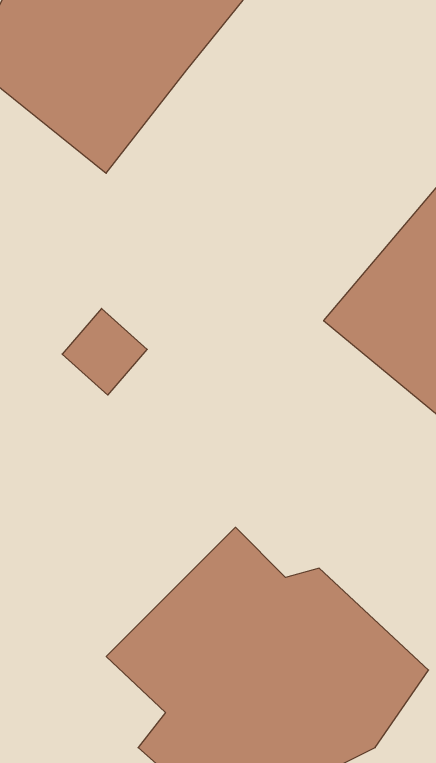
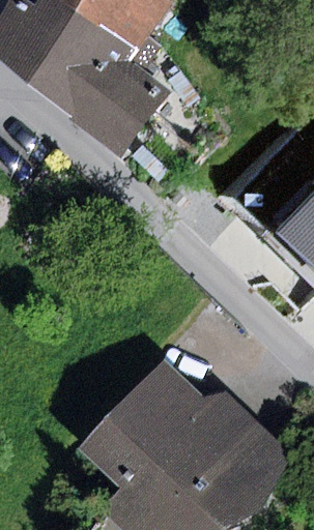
building: none -> [78,35,176,161]

